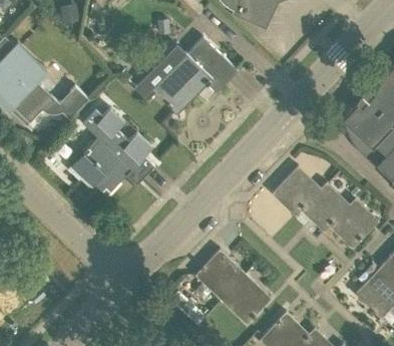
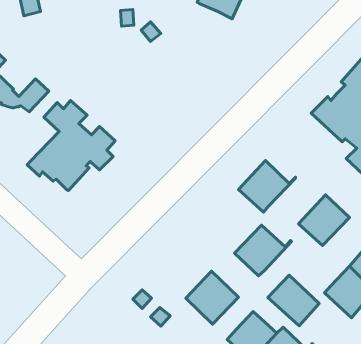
building: [133,37,235,113] -> none
building: [300,183,355,232] -> [235,225,292,276]
building: [193,249,245,299] -> none
building: none -> [268,275,319,326]

